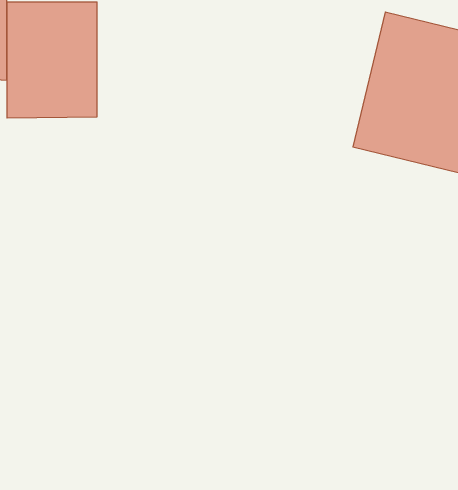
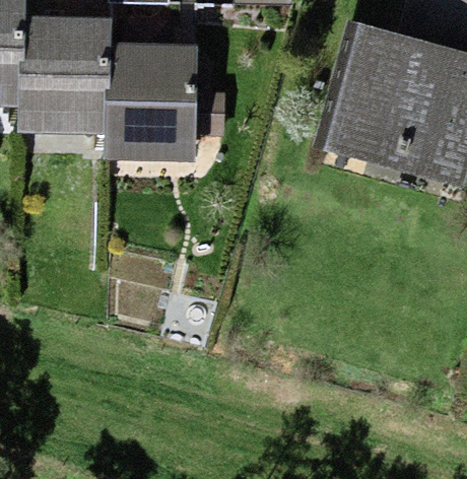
building: none -> [104,52,190,154]

